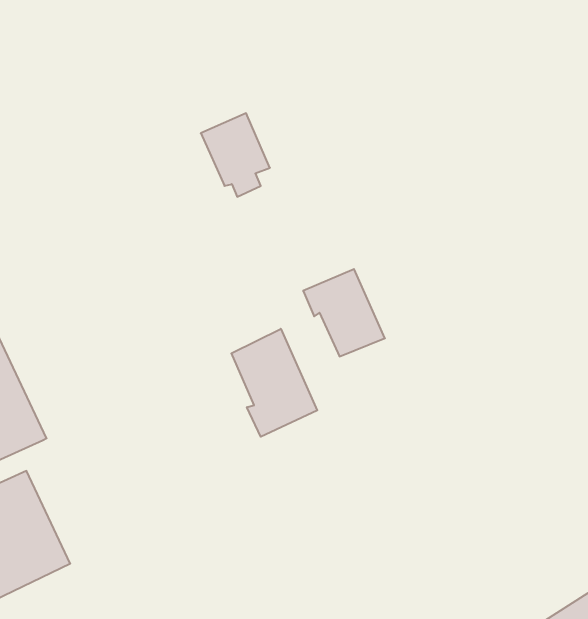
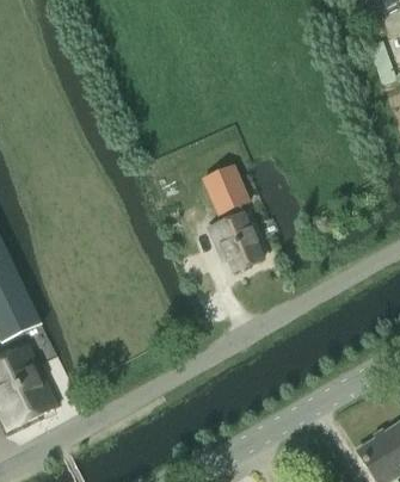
building: [201,113,270,197] -> [203,165,248,220]
building: [231,329,317,437] -> none

